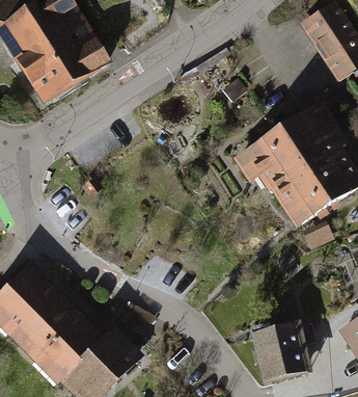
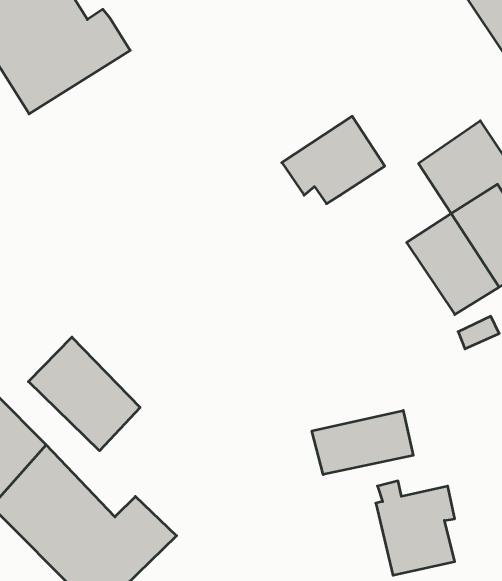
building: [239,129,301,182] -> [282,116,385,204]
building: none -> [28,337,140,451]
building: none -> [312,410,413,475]

